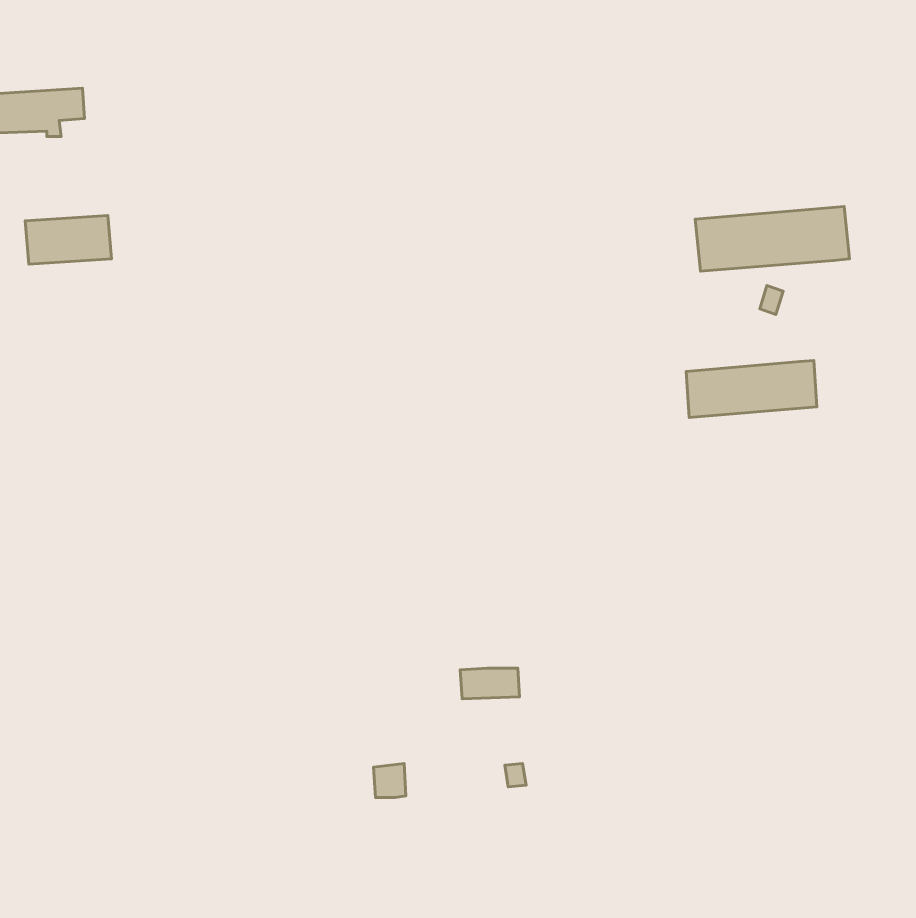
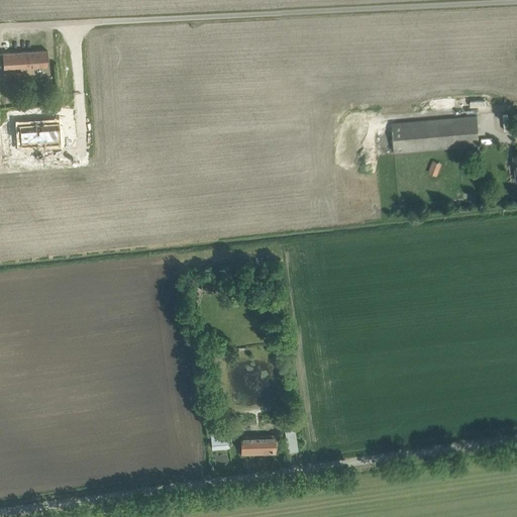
building: [686,361,817,418] -> none
building: [460,668,520,699] -> [240,436,274,453]

